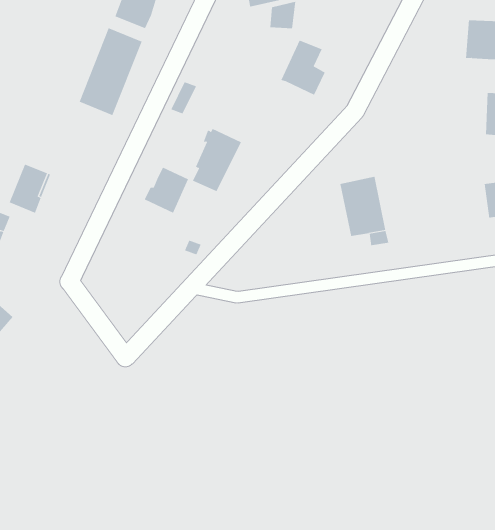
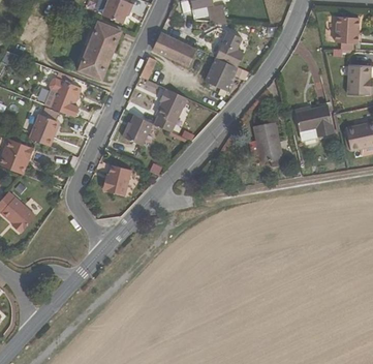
building: none -> [152,33,196,66]
building: none -> [204,58,236,92]
building: none -> [49,78,81,115]
building: none -> [294,105,334,140]
building: none -> [104,164,131,195]

